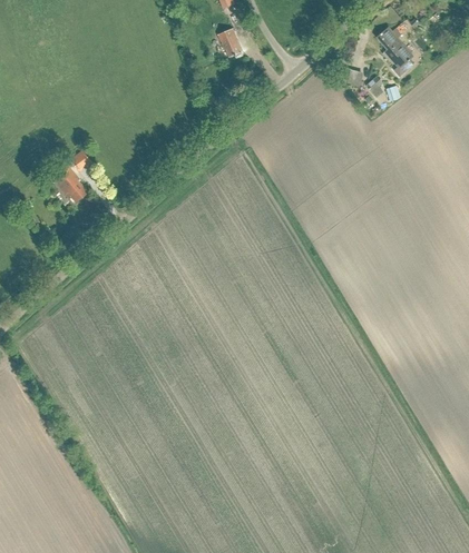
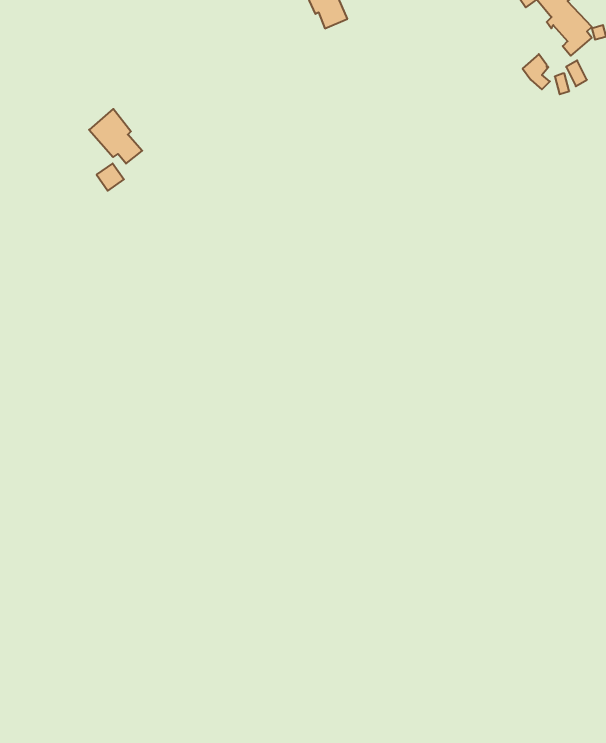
building: [50,165,87,203] -> [89,109,142,164]

